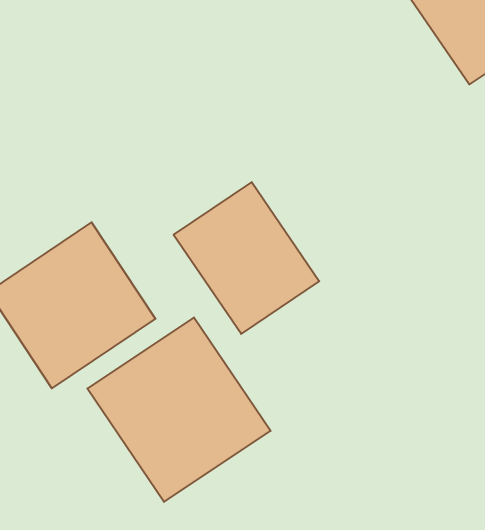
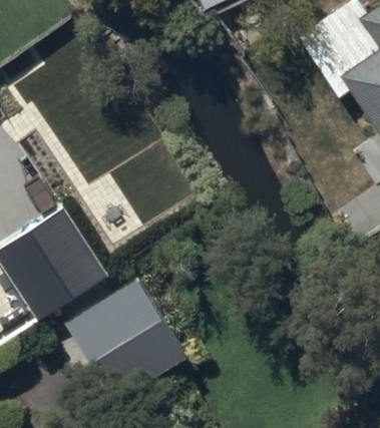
building: [174,182,319,334] -> none

